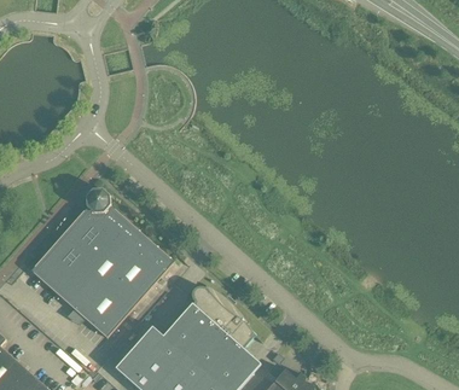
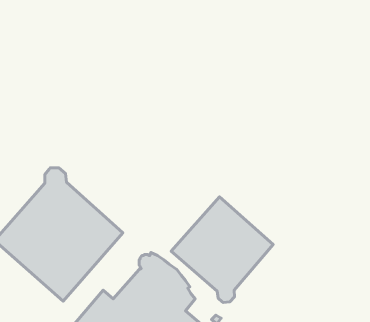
building: none -> [171,197,273,303]

